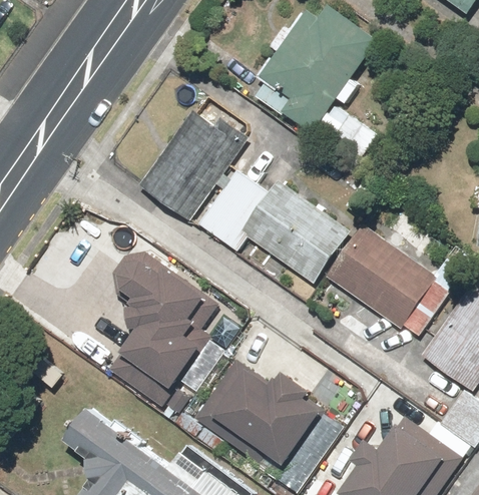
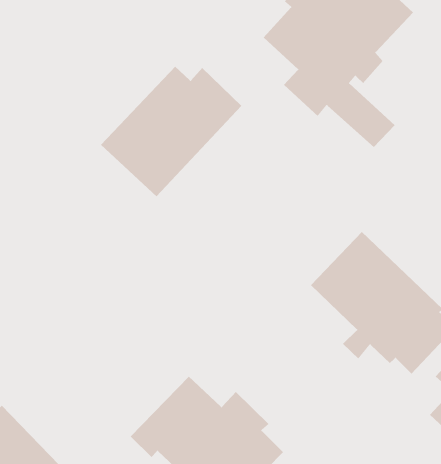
building: [199,169,352,284] -> none
building: [114,249,220,393] -> none

